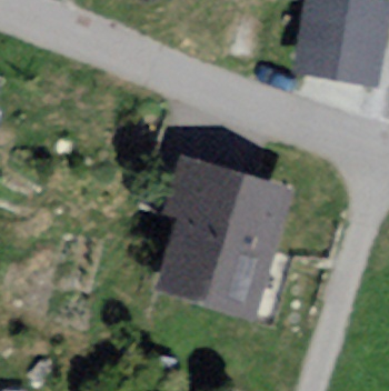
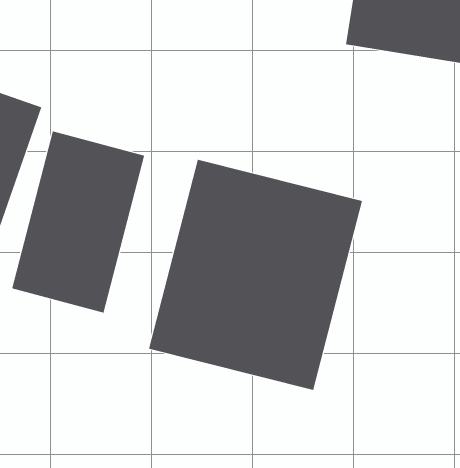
building: none -> [11,131,145,314]

